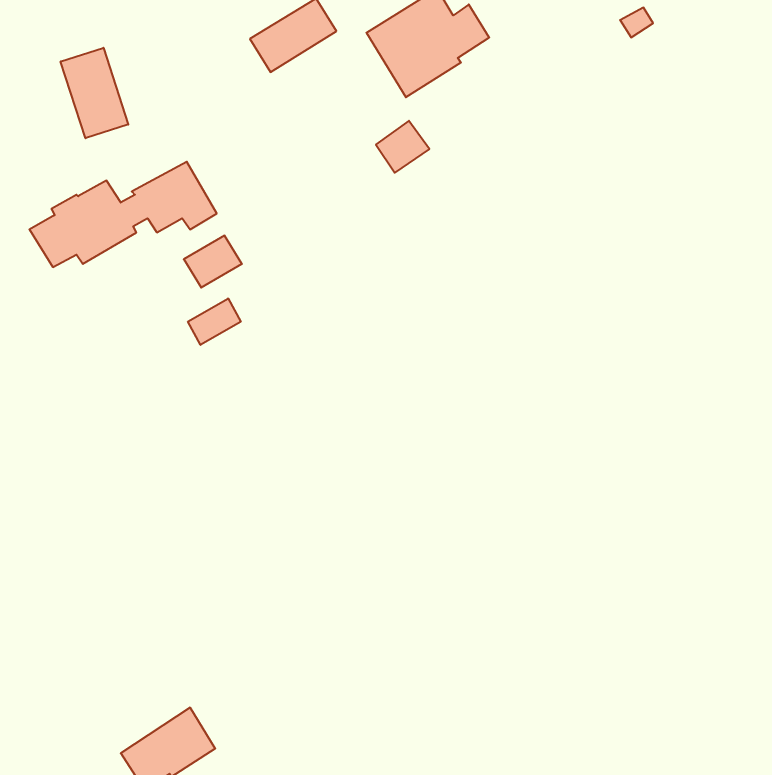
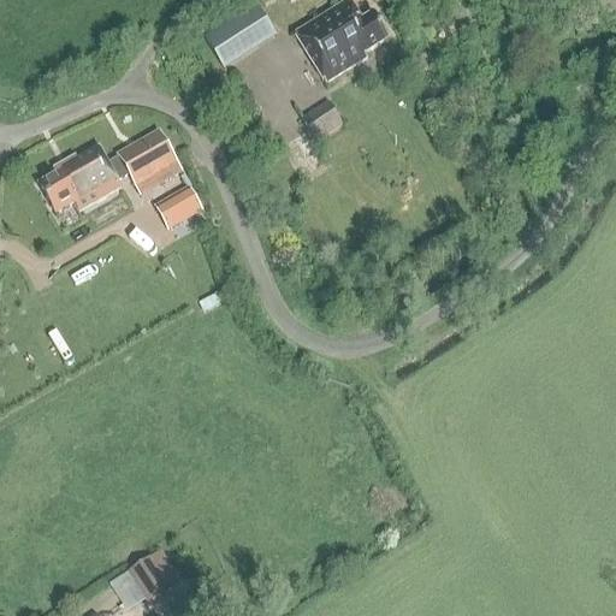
building: [61,48,128,138] -> none
building: [188,298,241,345] -> none

